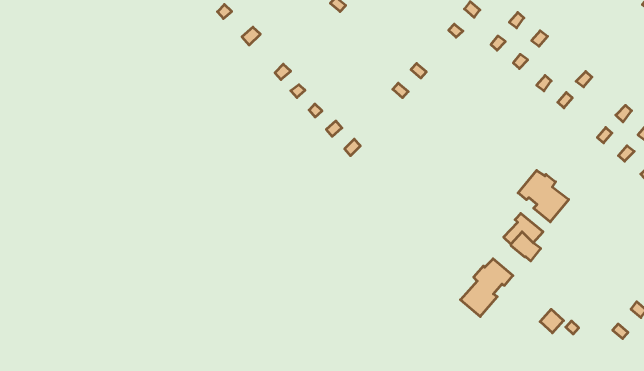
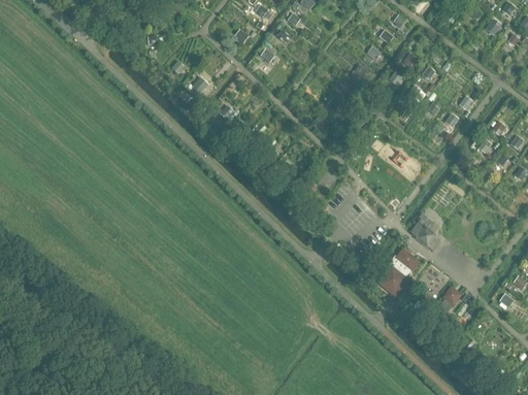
building: [518,170,569,222] -> none

